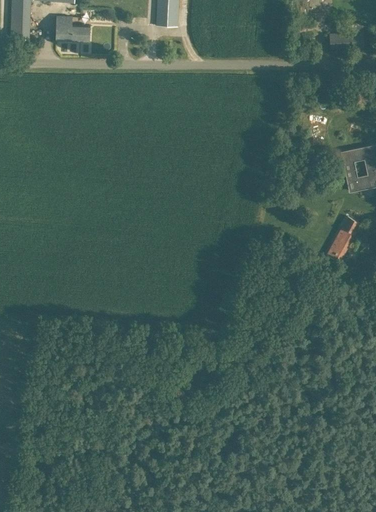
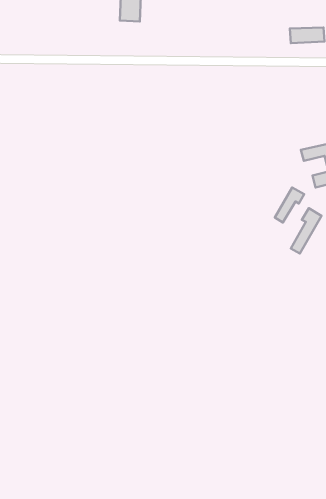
building: [55,14,89,40] -> none
building: none -> [275,187,304,222]

